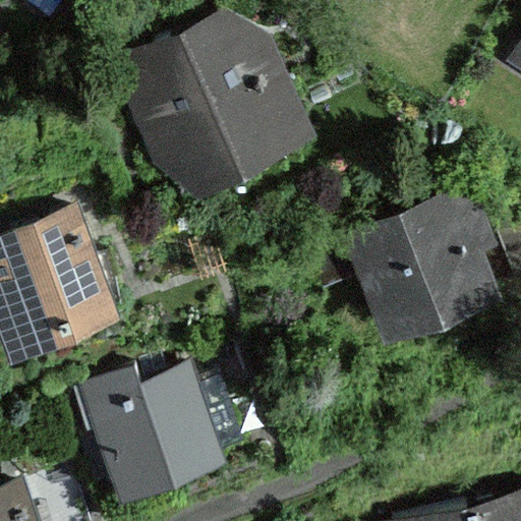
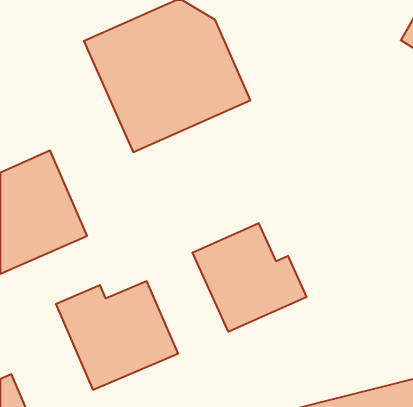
building: [343,165,512,332] -> none
building: none -> [192,223,307,332]

